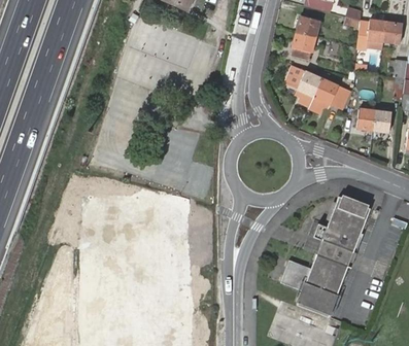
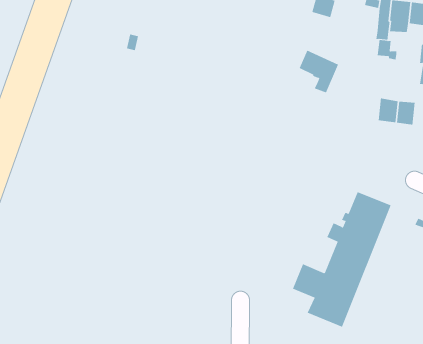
building: [293,31,315,60] -> none
building: [309,78,350,112] -> none

